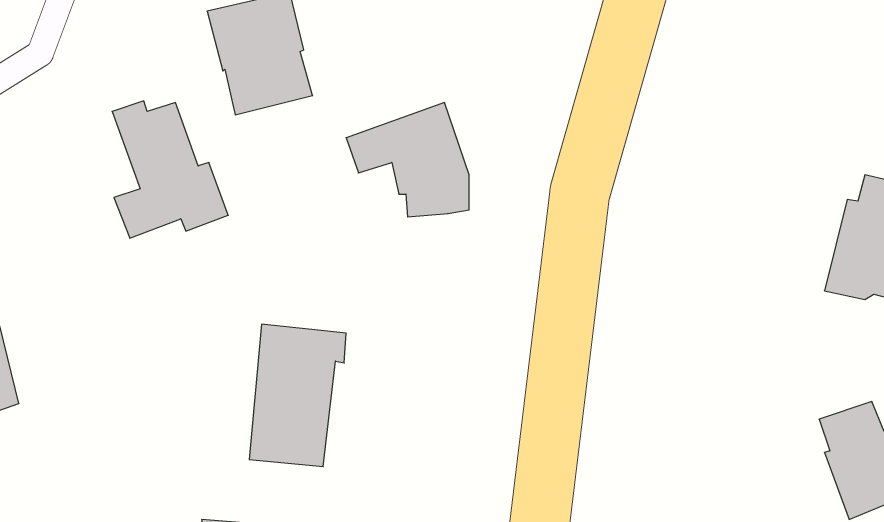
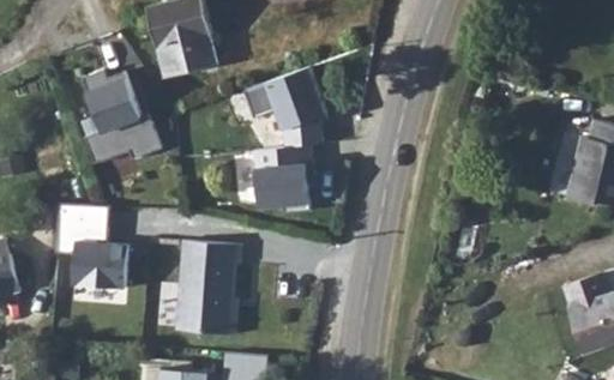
building: none -> [249,146,317,212]
building: none -> [52,205,125,291]

